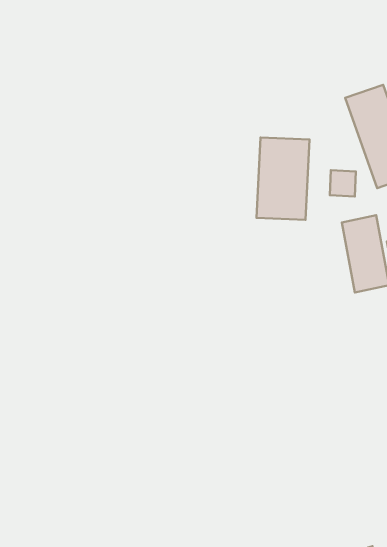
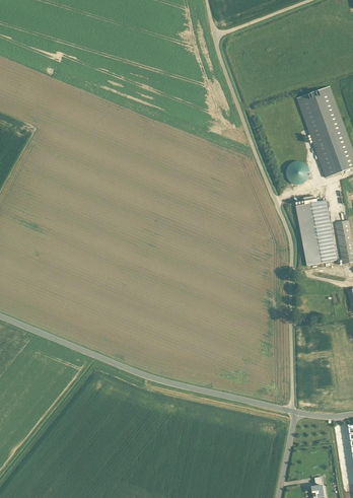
building: [257,137,309,220] -> none

